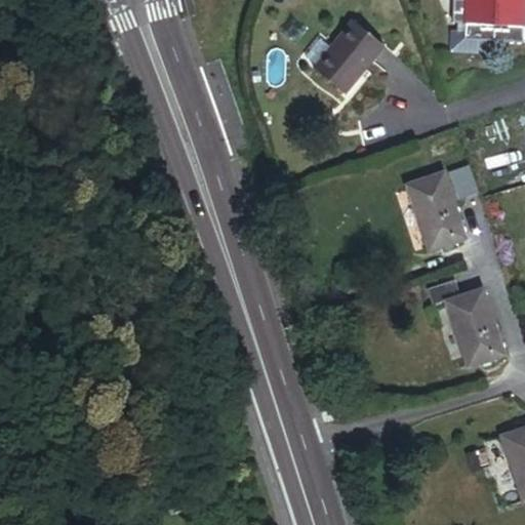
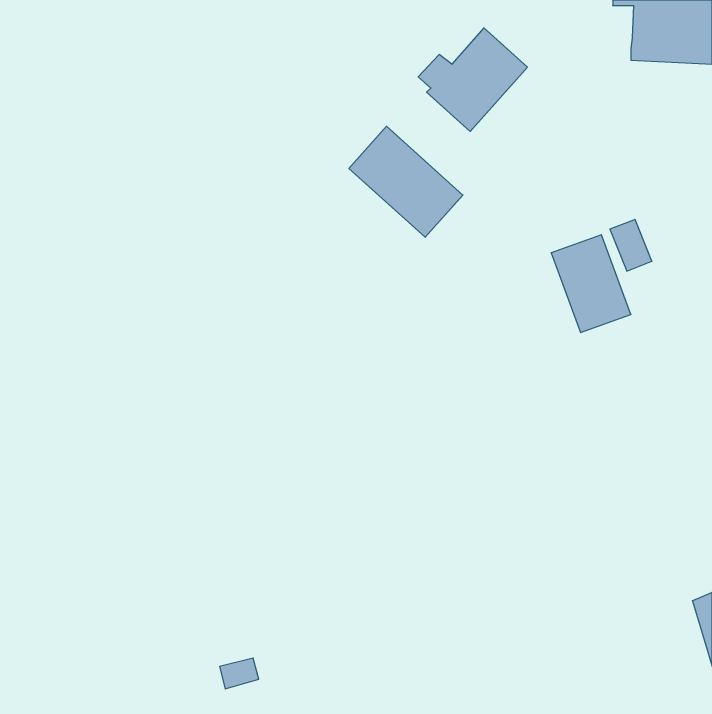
building: none -> [349,126,463,237]
building: [427,278,506,361] -> none

